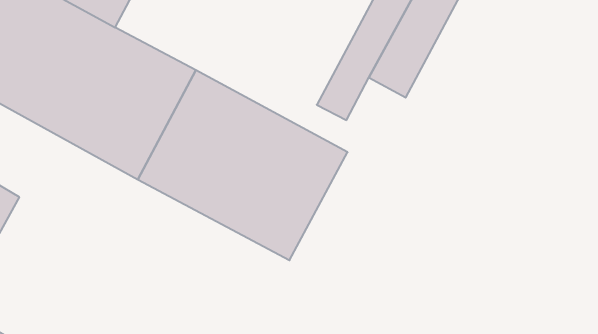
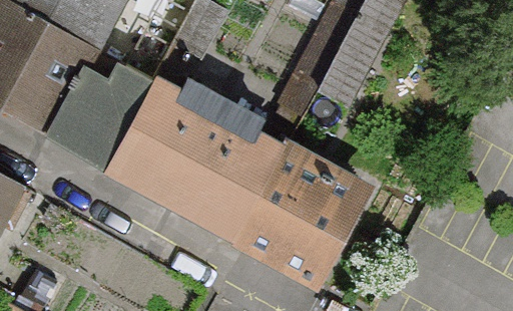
building: none -> [248,153,366,282]

